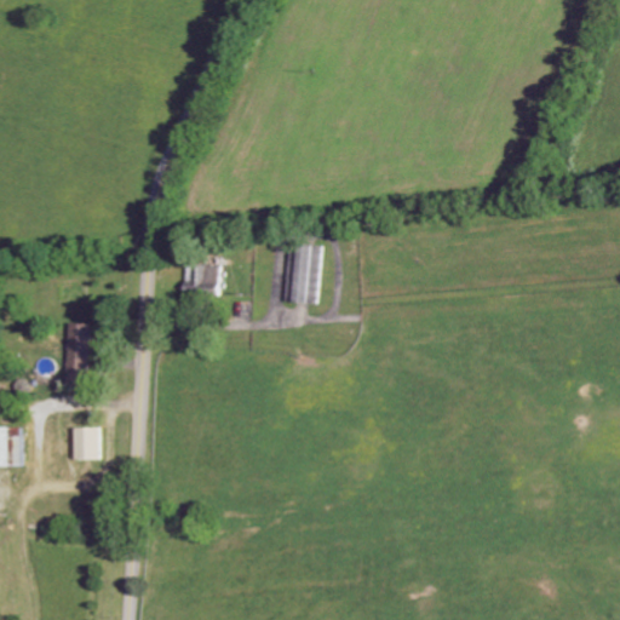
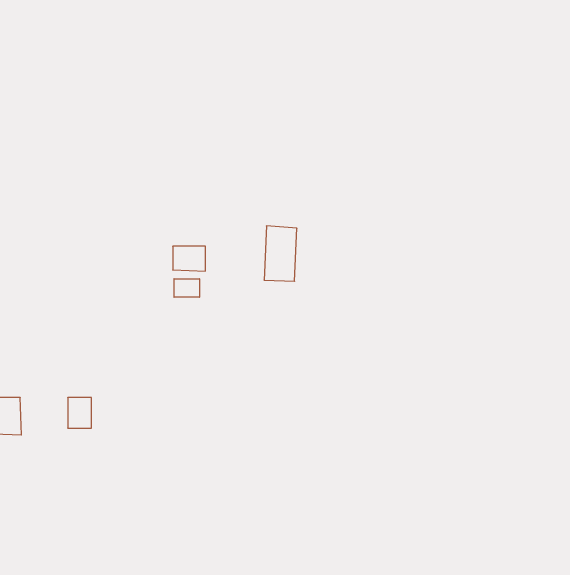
building: none -> [174,279,199,297]
building: [64,322,90,385] -> none

